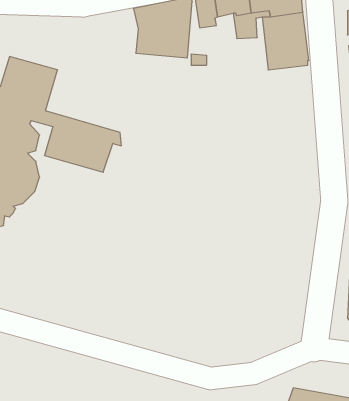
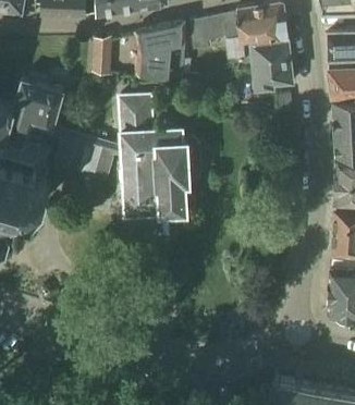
building: none -> [93,38,112,77]
building: none -> [120,93,203,211]

